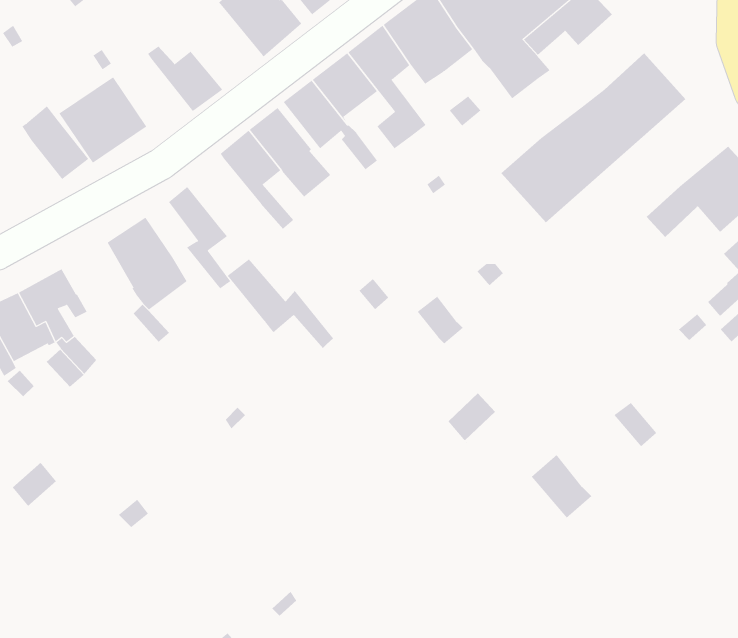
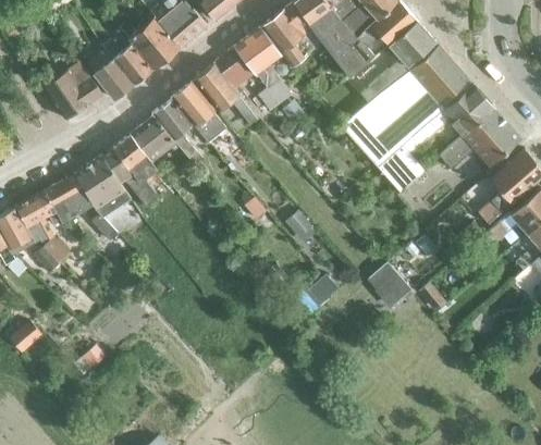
building: none -> [127,16,180,70]
building: none -> [360,20,438,102]
building: none -> [371,76,494,193]
building: [21,106,89,180] -> [87,49,133,99]
building: none -> [130,116,179,162]
building: none -> [101,146,136,183]
building: none -> [45,173,93,220]
building: [227,258,334,349] -> none
building: [531,454,592,519] -> [370,261,411,305]

